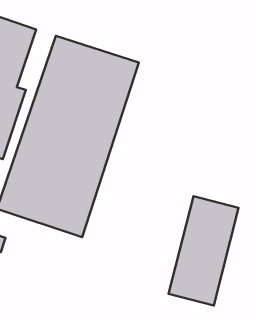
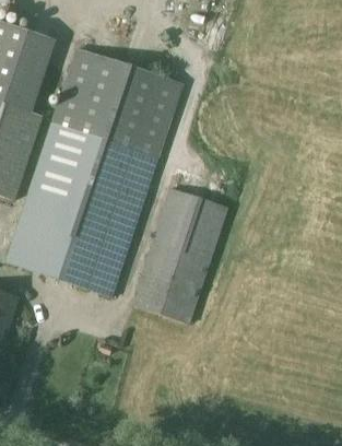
building: [169,196,238,305] -> [127,187,213,321]

